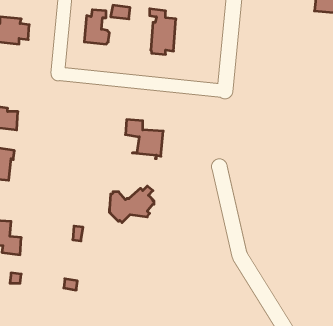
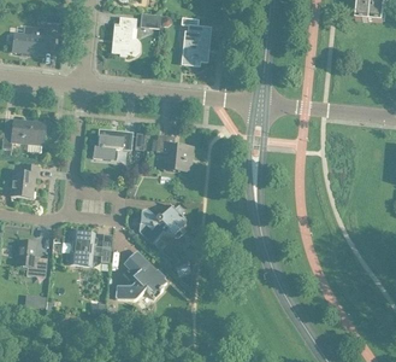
building: none -> [93,130,132,159]
building: none -> [61,233,96,264]
building: none -> [114,249,170,299]

